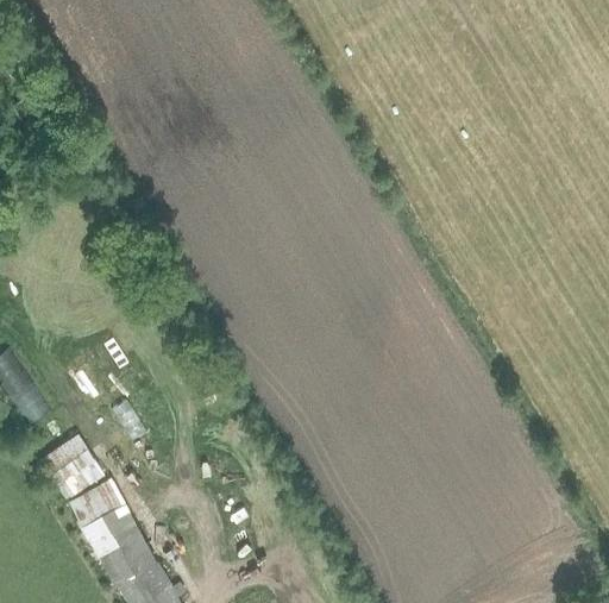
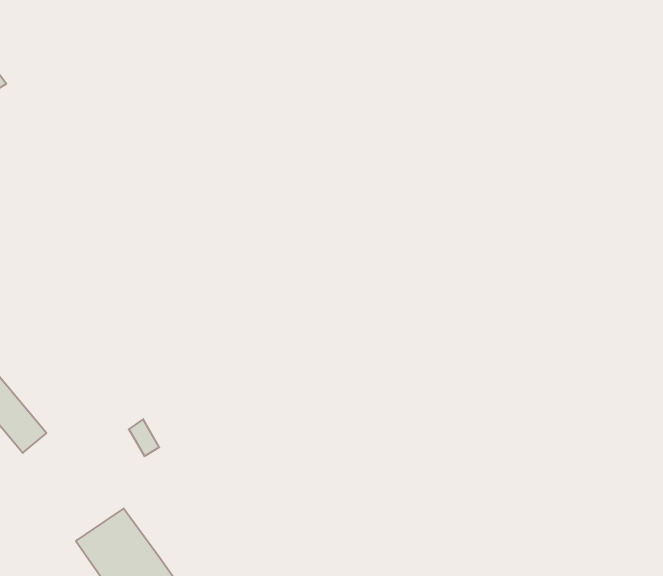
building: [39,435,103,500] -> none

